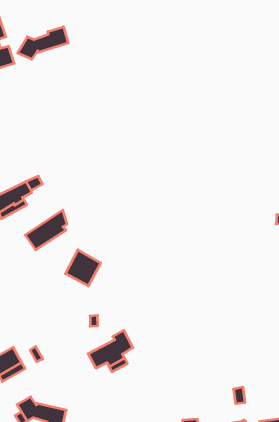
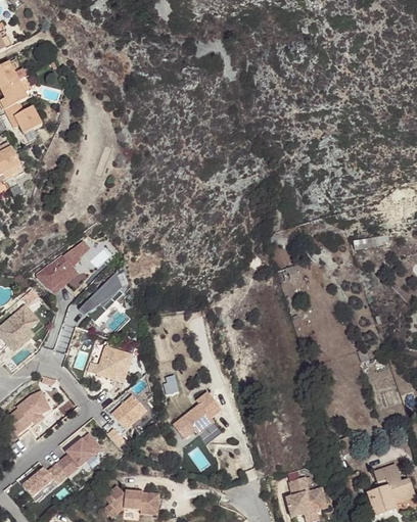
building: [18,27,68,59] -> none
building: [65,250,101,286] -> [97,344,134,382]
building: none -> [112,394,148,430]

